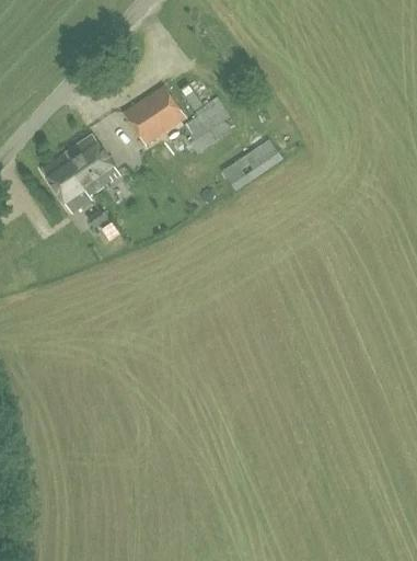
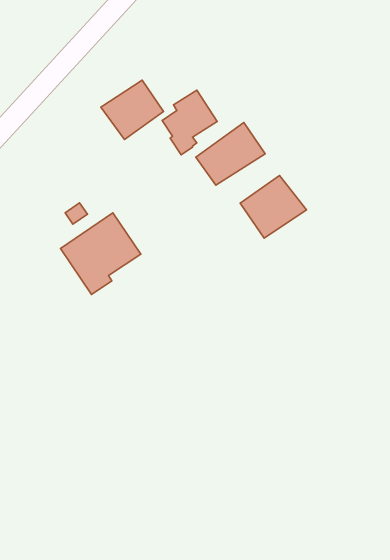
building: [40,134,119,214] -> [60,213,141,294]
building: none -> [240,176,306,238]

